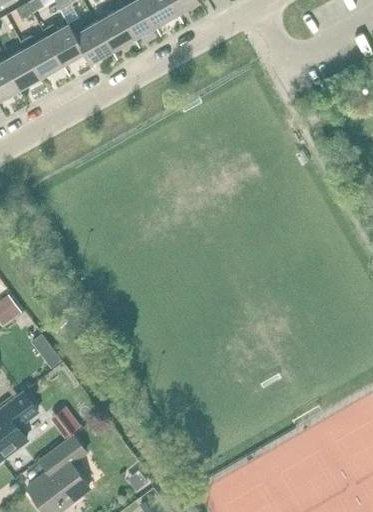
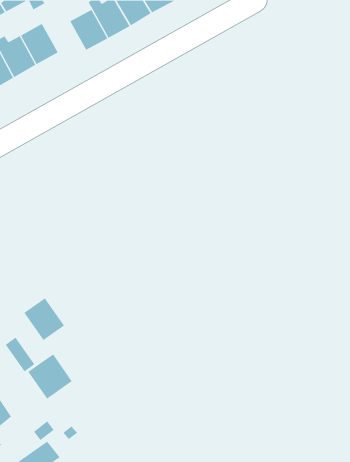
building: [68,18,111,63] -> none
building: none -> [24,297,65,341]
building: none -> [27,354,73,400]

